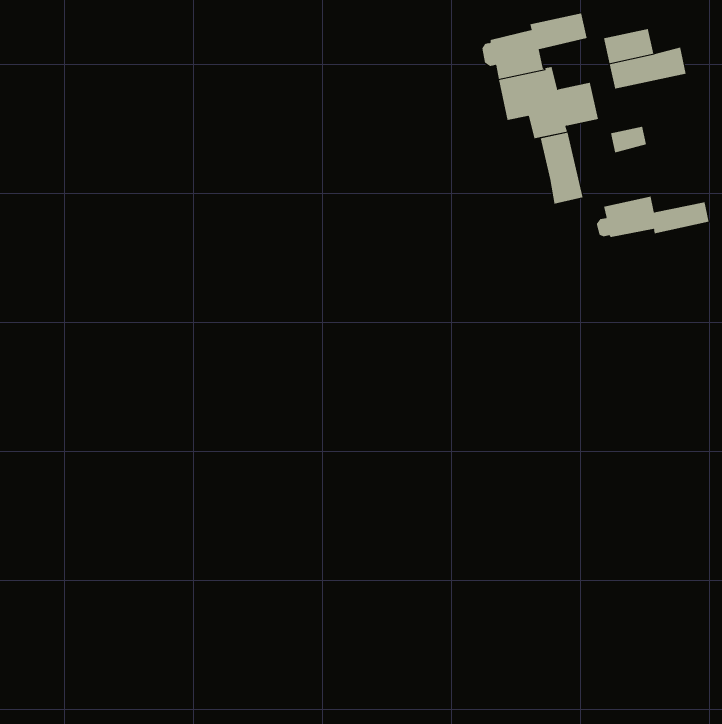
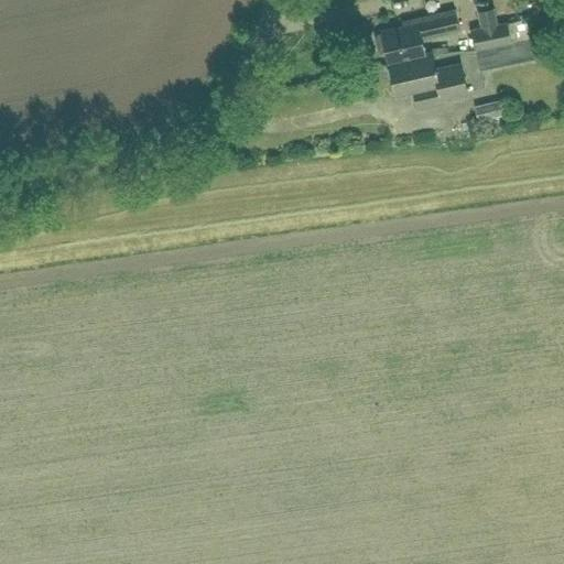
building: [540,132,583,205] -> none
building: [596,195,709,238] -> none

